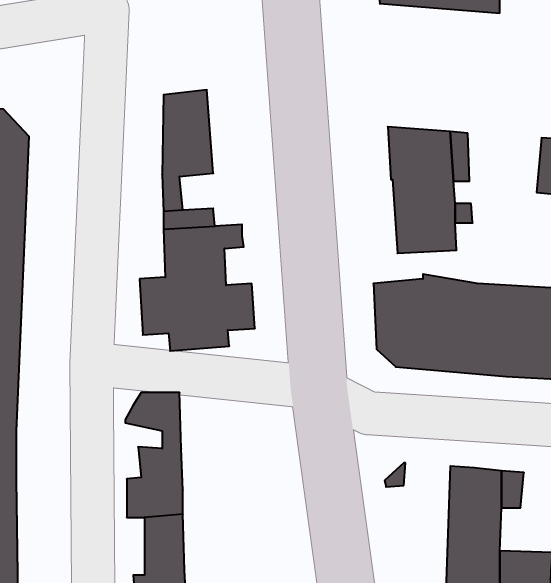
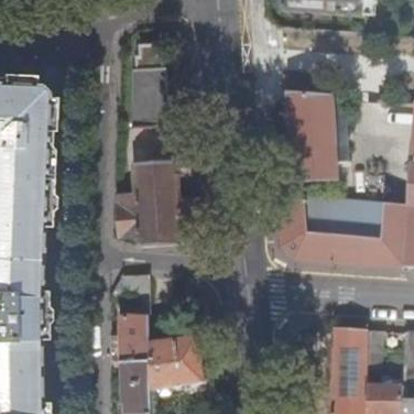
building: none -> [151,337,206,399]

